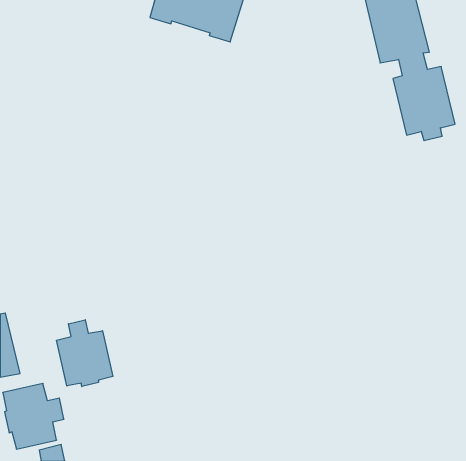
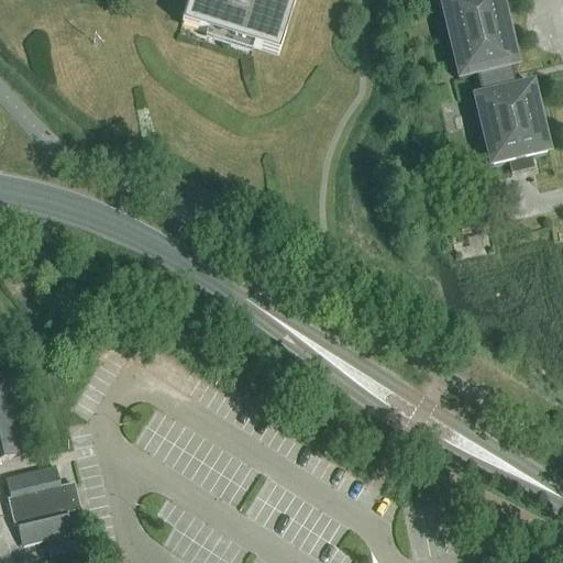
building: [57,320,113,387] -> none

